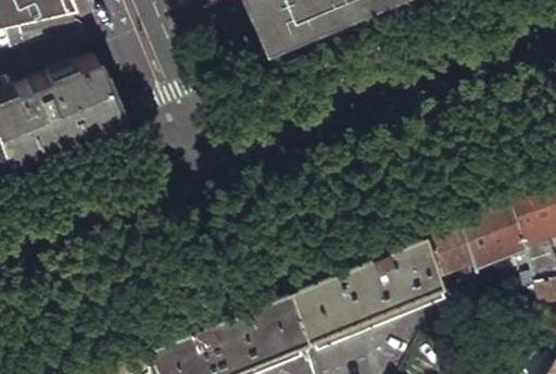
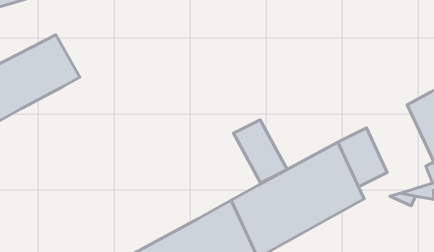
building: none -> [234,120,287,183]
building: [458,192,529,270] -> none

